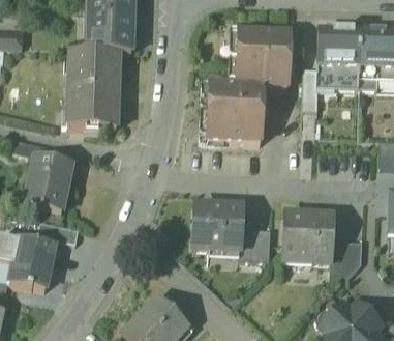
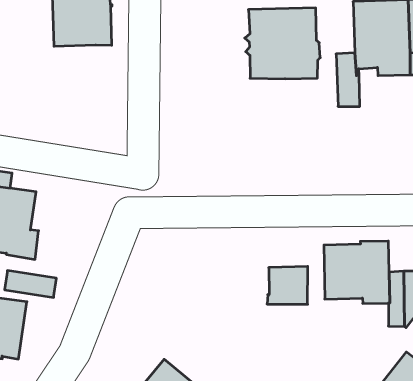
building: [69,48,120,126] -> none
building: [206,82,266,141] -> none
building: [193,204,243,250] -> none

